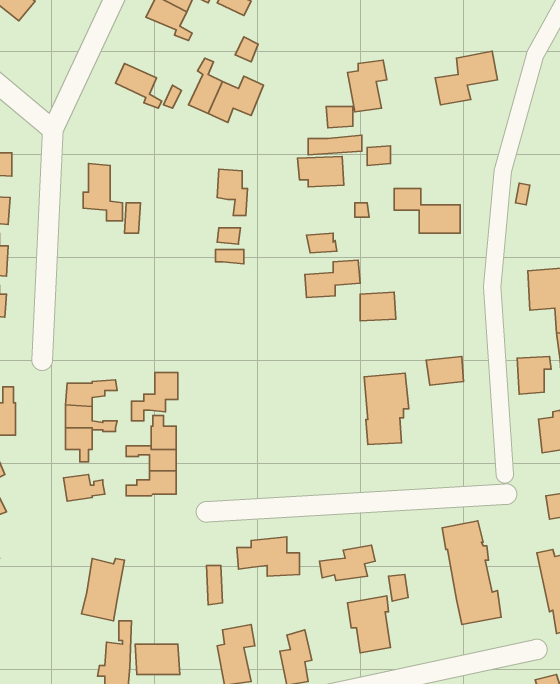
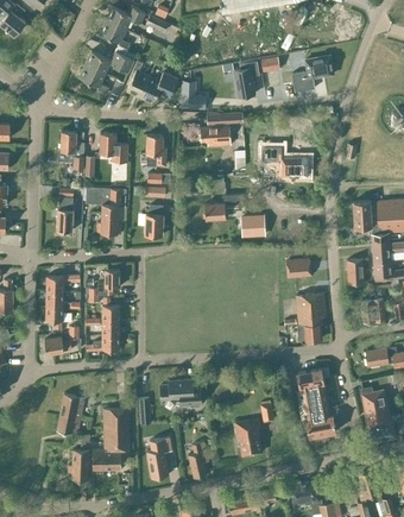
building: none -> [84,51,134,74]
building: none -> [182,81,206,109]
building: none -> [99,133,127,163]
building: none -> [84,188,126,234]
building: none -> [56,197,75,232]
building: none -> [144,204,163,237]
building: [364,373,409,445] -> [296,294,326,341]
building: [320,545,375,580] -> none
building: none -> [102,409,128,450]

